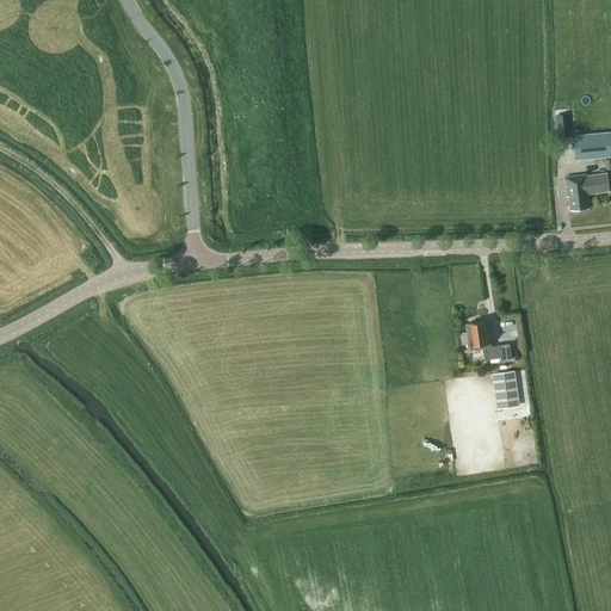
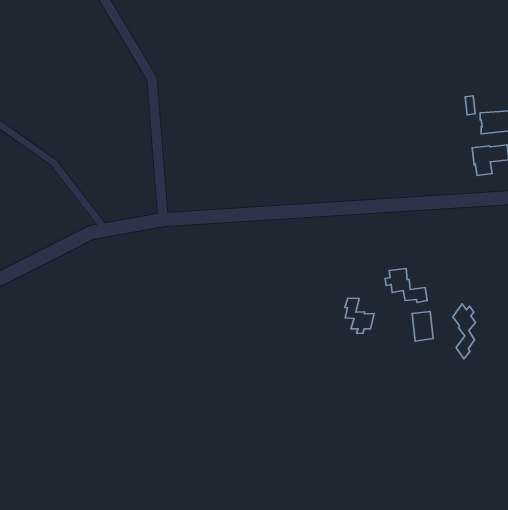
building: none -> [345,298,374,333]
building: none -> [453,304,476,359]

